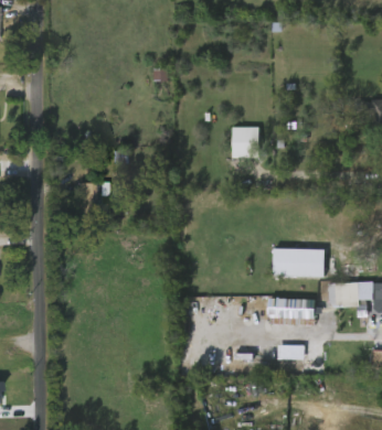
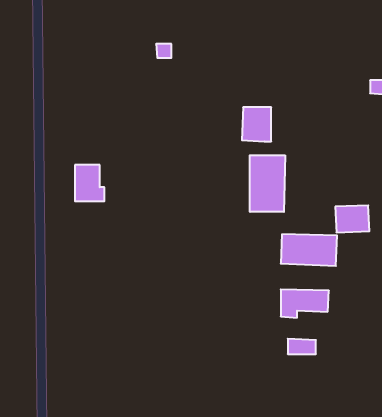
building: none -> [250,155,285,212]
building: [330,282,362,308] -> [335,205,369,232]

